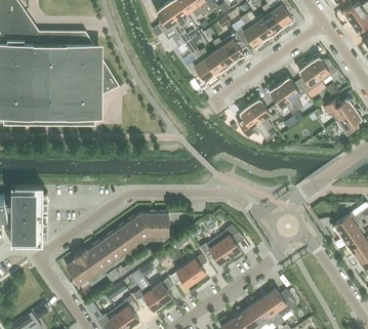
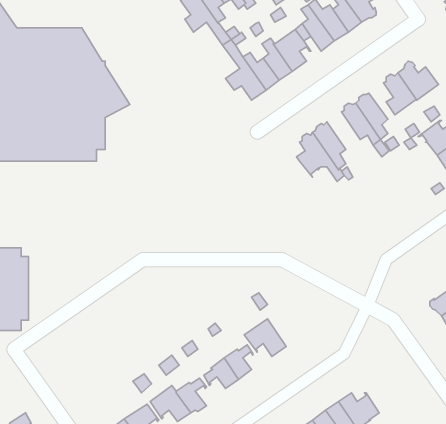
building: [66,214,169,285] -> none
building: [216,227,244,257] -> none

